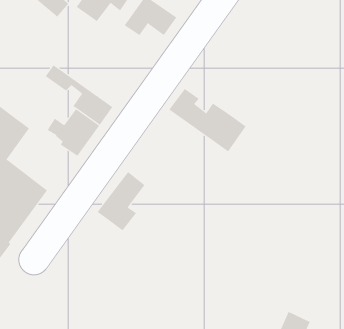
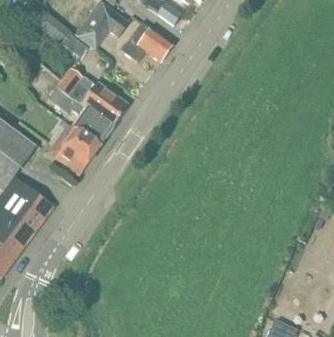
building: [169,88,247,152] -> [56,67,129,127]
building: [97,171,145,231] -> none

